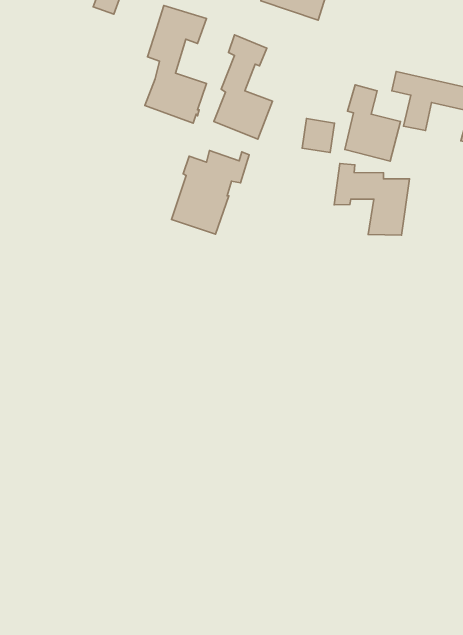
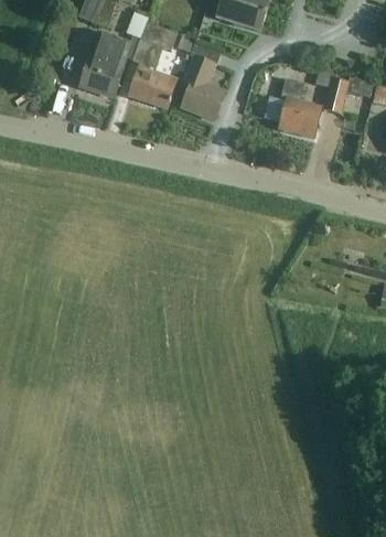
building: [171,150,249,234] -> [79,33,138,96]
building: [334,163,409,235] -> none

